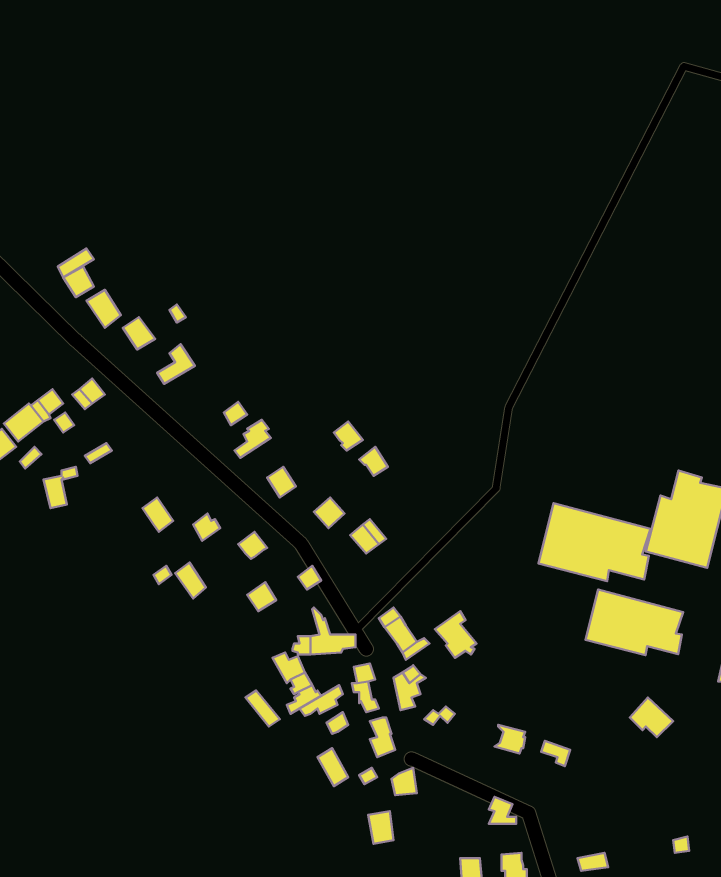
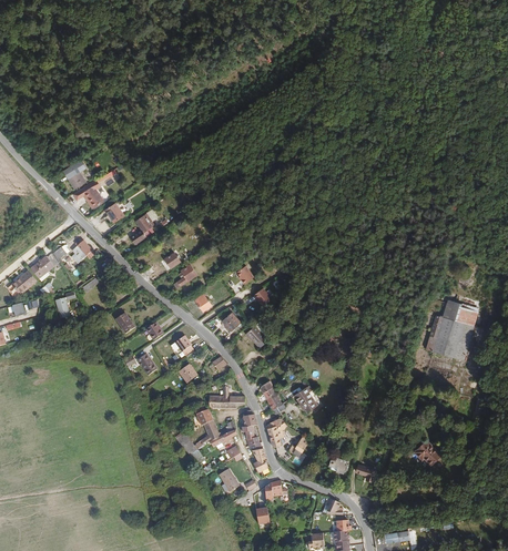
building: [538,503,651,581] -> none
building: [586,590,683,655] -> none

